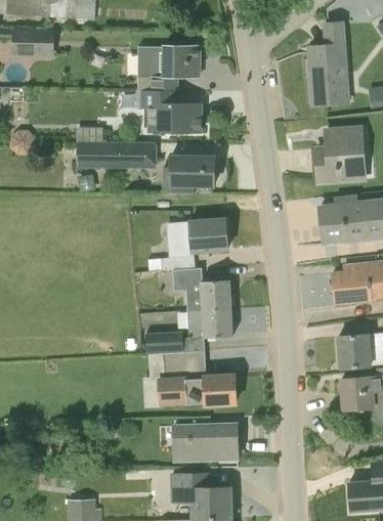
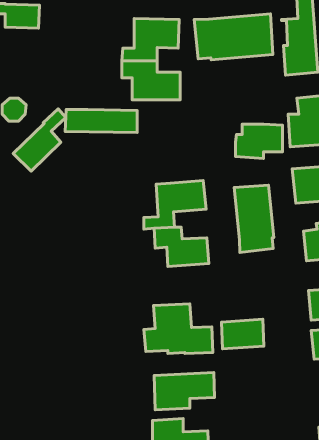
building: none -> [194,14,273,60]
building: none -> [13,109,66,171]
building: [164,156,214,192] -> [236,124,283,159]
building: none -> [234,185,274,252]
building: [187,307,232,339] -> [222,319,264,349]
building: [147,332,183,352] -> none

